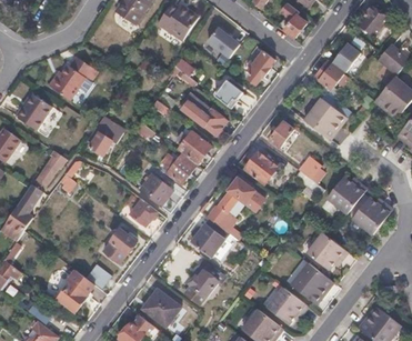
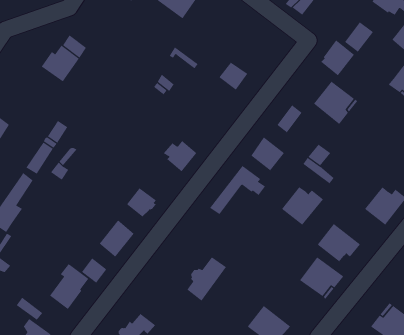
building: [208,27,240,57] -> none
building: [247,50,274,83] -> none
building: [179,92,228,134] -> none
building: [18,93,51,129] -> none
building: [88,117,124,154] -> none
building: [177,131,211,162] -> none
building: [140,173,173,205] -> none
building: [326,175,366,212] -> [281,186,324,226]
building: [191,223,224,255] -> none
building: [267,285,308,322] -> none
building: [142,288,181,325] -> none

